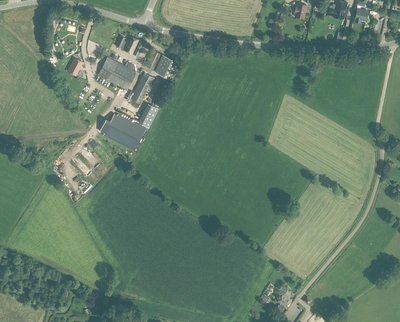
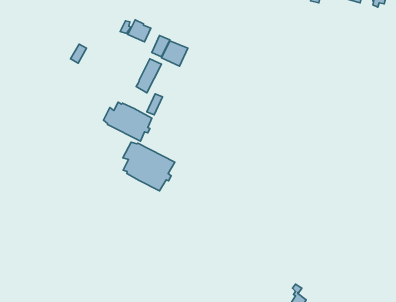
building: [98,57,136,91] -> none
building: none -> [123,142,175,191]

